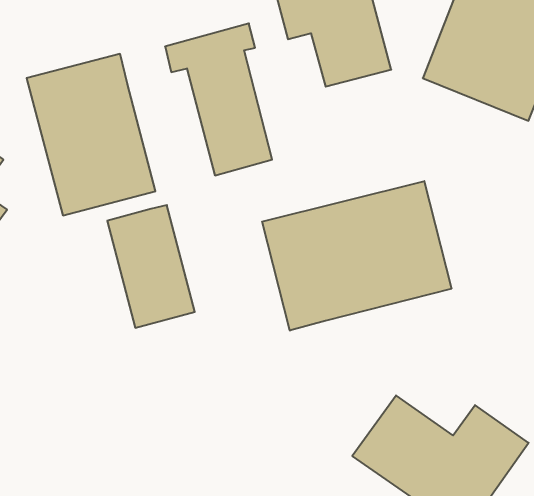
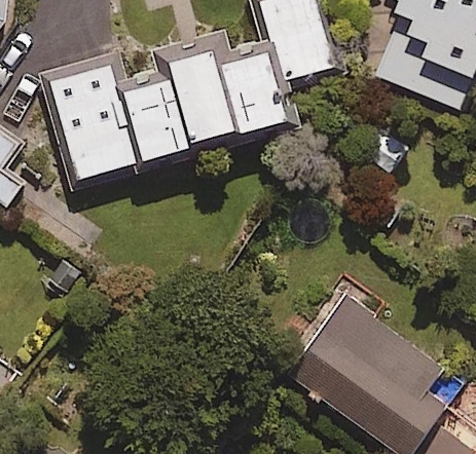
building: none -> [220,34,300,141]
building: [262,181,451,331] -> none
building: [107,205,195,328] -> [121,64,195,167]

